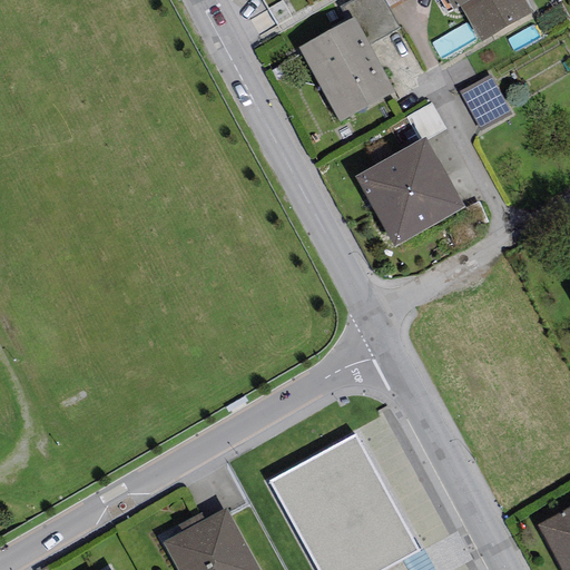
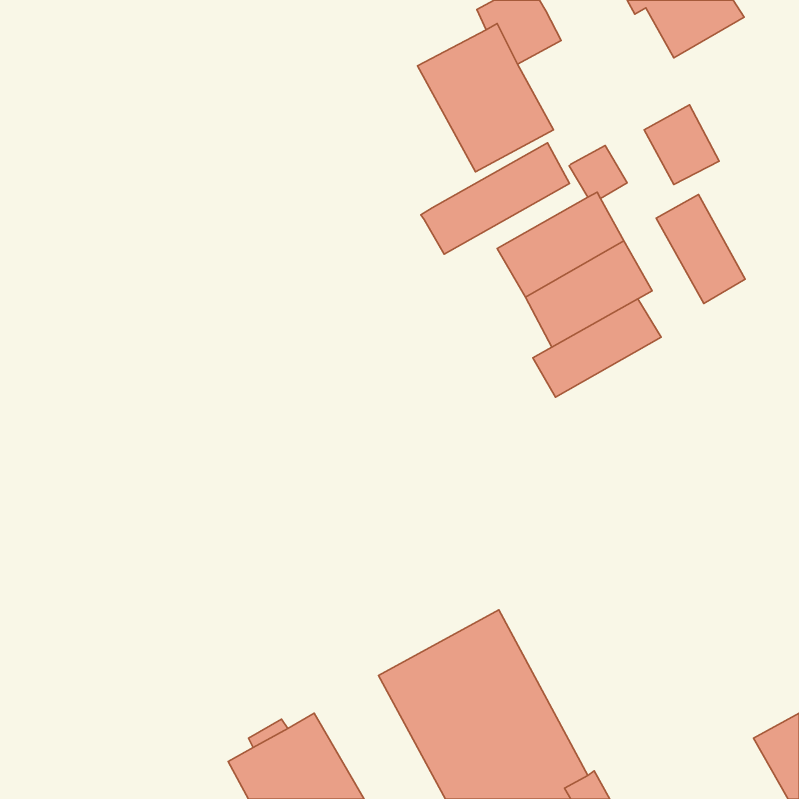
building: none -> [421,143,570,254]
building: none -> [656,194,745,304]
building: none -> [533,299,661,397]

